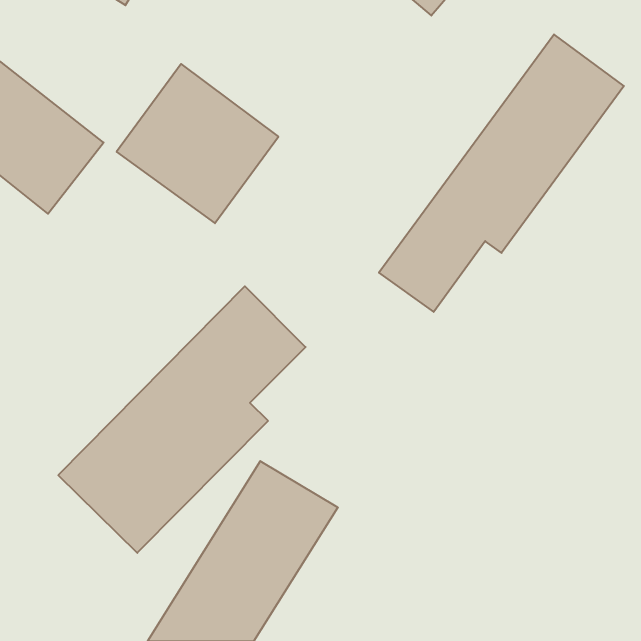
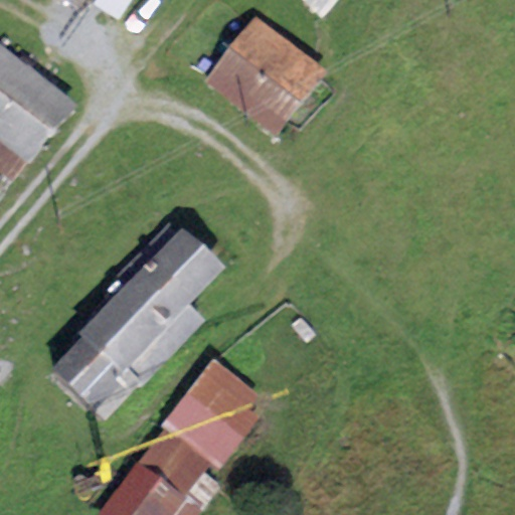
building: [379,34,624,312] -> none
building: [117,64,278,223] -> [203,19,329,143]

